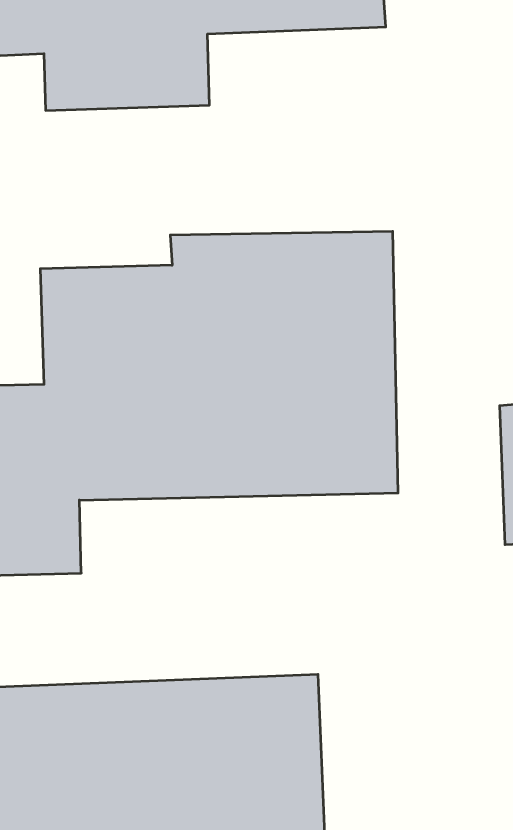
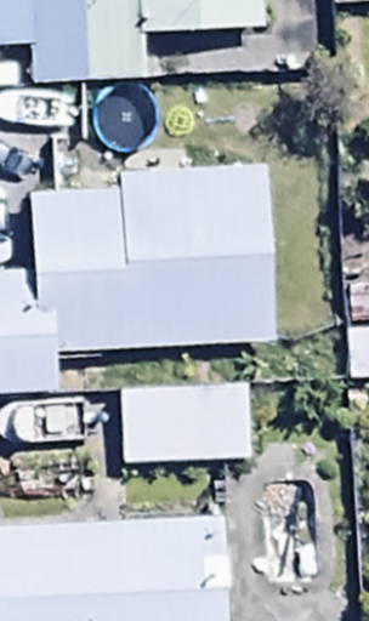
building: none -> [119,383,251,467]

